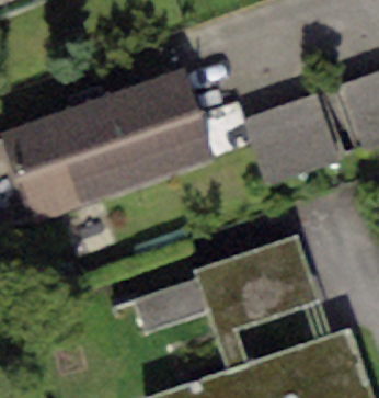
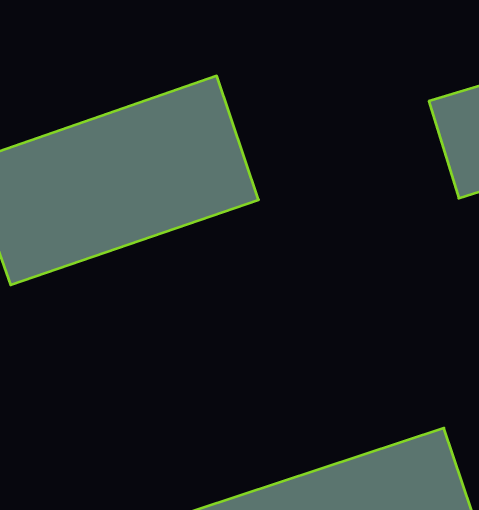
building: [242,94,337,187] -> none
building: [192,234,320,338] -> none

